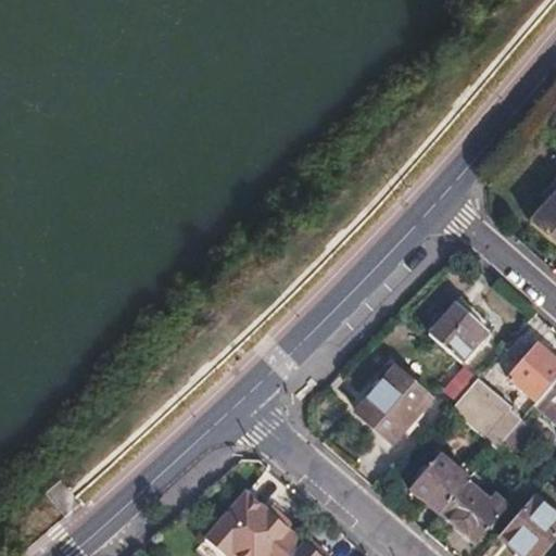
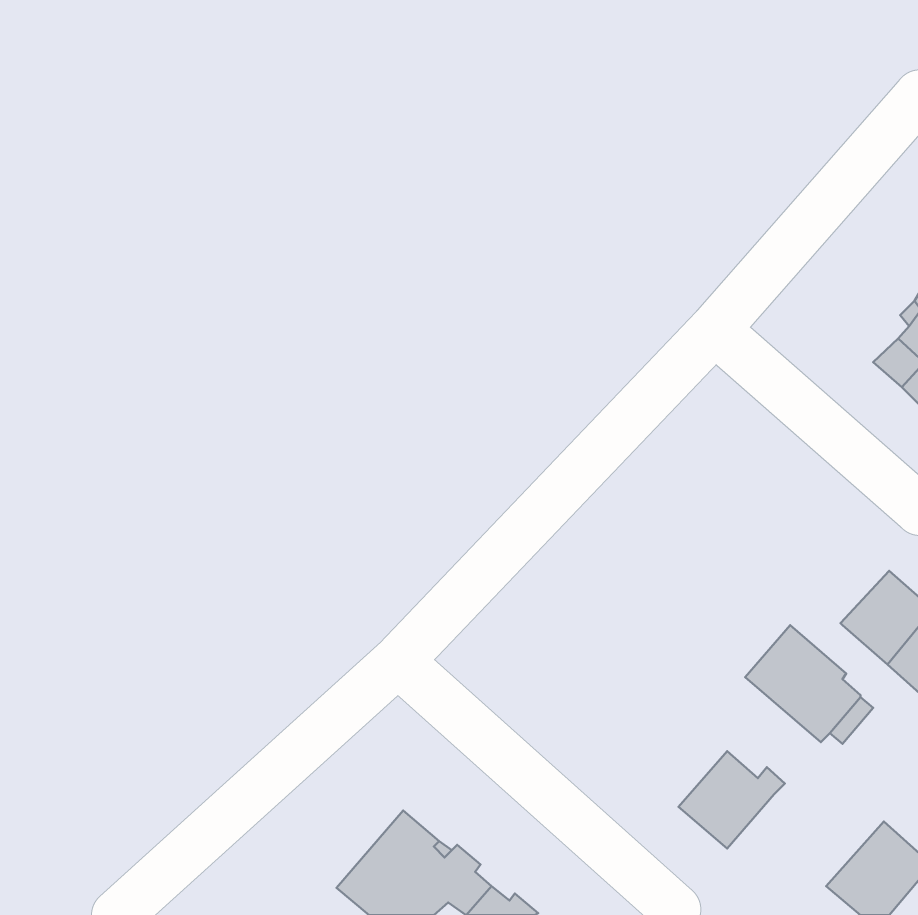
building: [428,303,485,361] -> none
building: [358,369,428,441] -> none
building: [440,479,508,542] -> none

